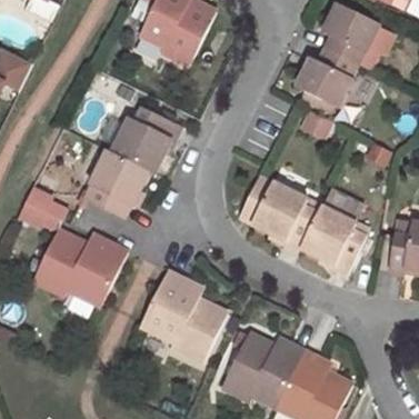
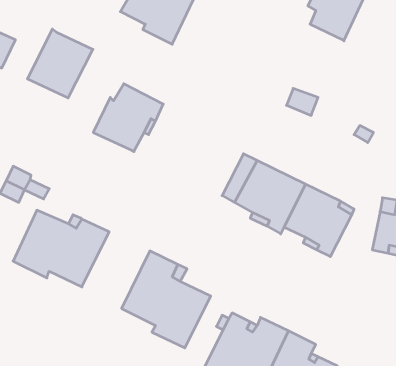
building: [296,47,358,104] -> none
building: [82,150,147,218] -> [27,29,93,98]

